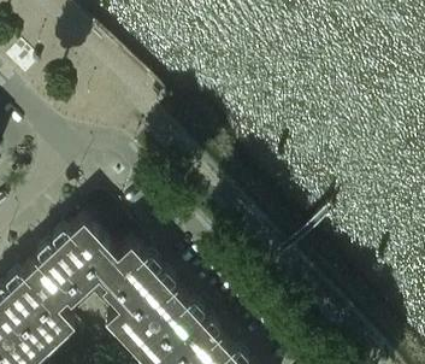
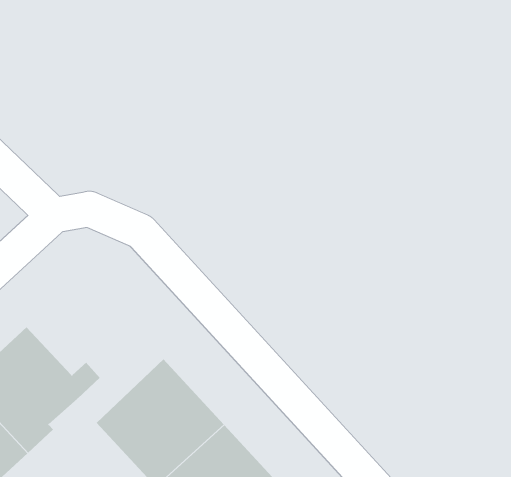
building: [54,222,157,322] -> none

